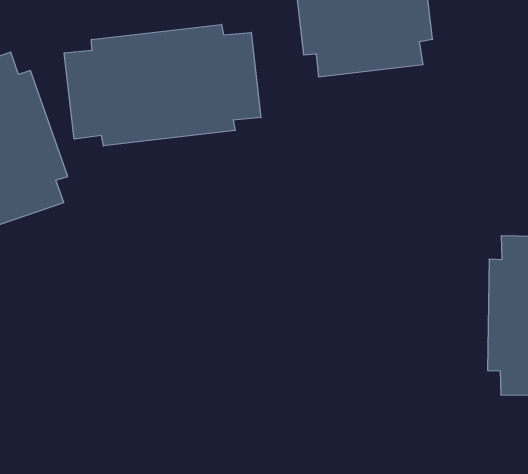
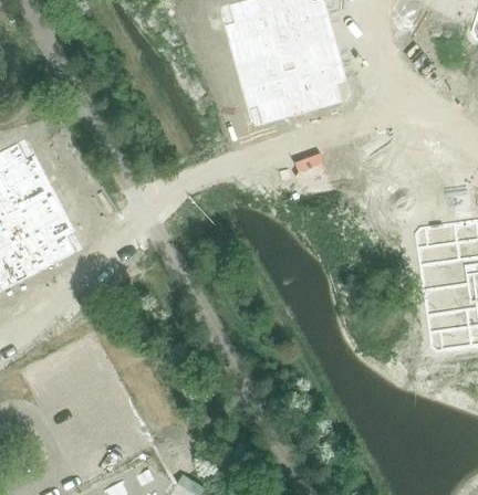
building: [64,24,261,146] -> none

